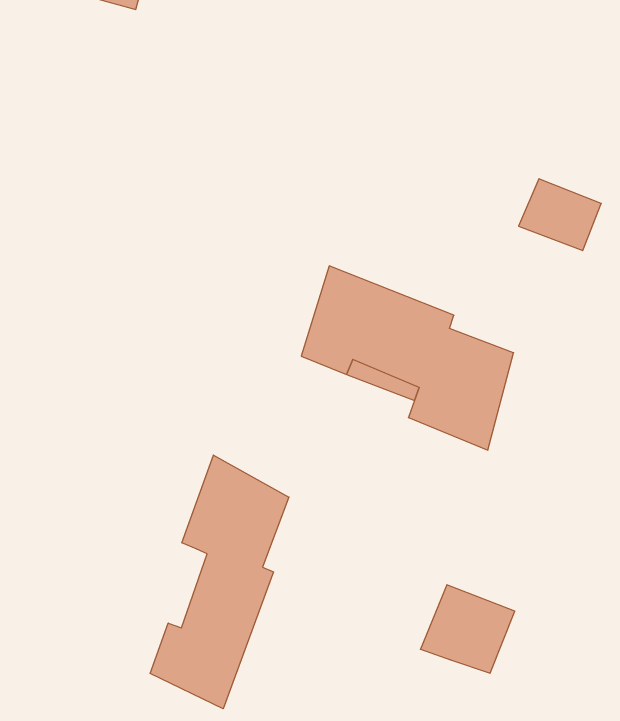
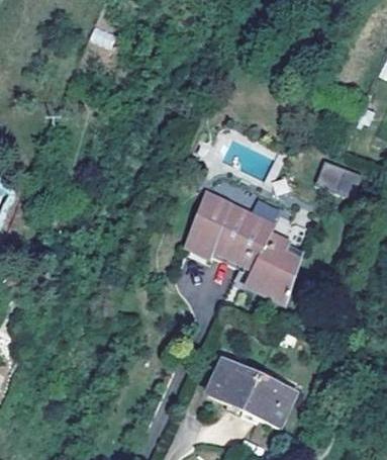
building: [150,455,289,709] -> none
building: none -> [206,358,259,408]

